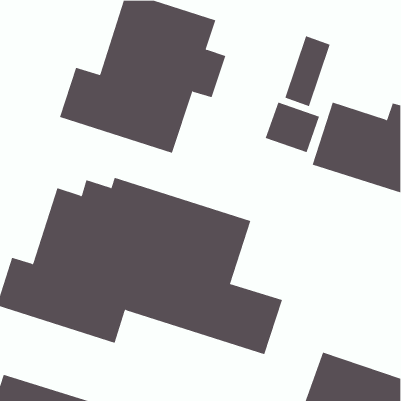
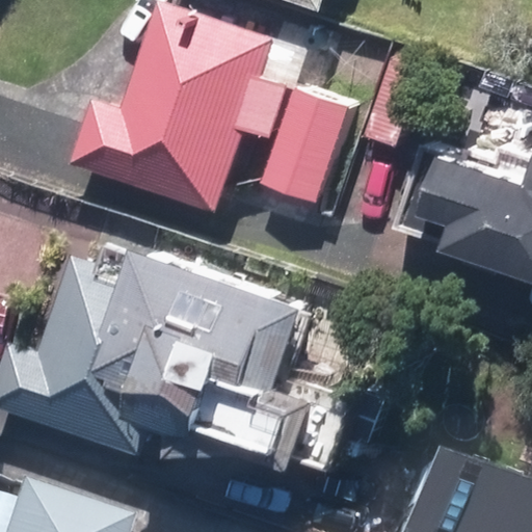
building: none -> [262,94,351,206]

